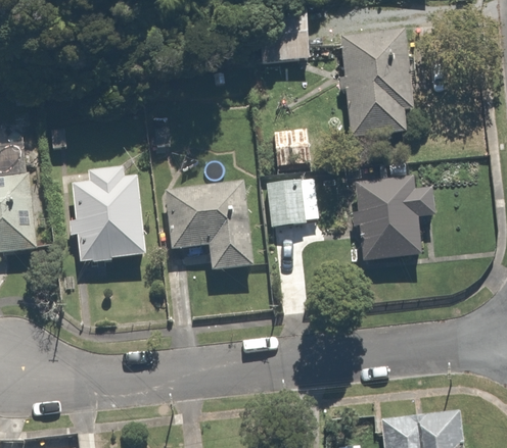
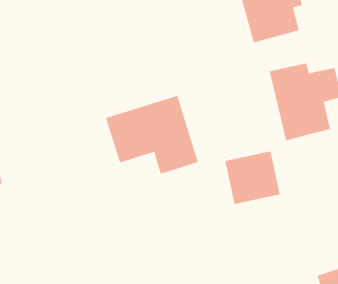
building: [73,169,147,262] -> none
building: [263,177,321,231] -> [224,151,280,204]

